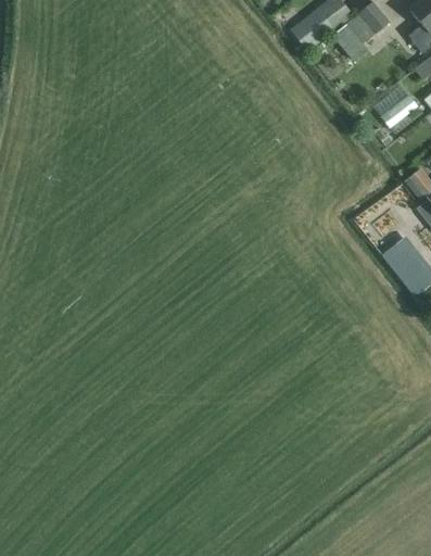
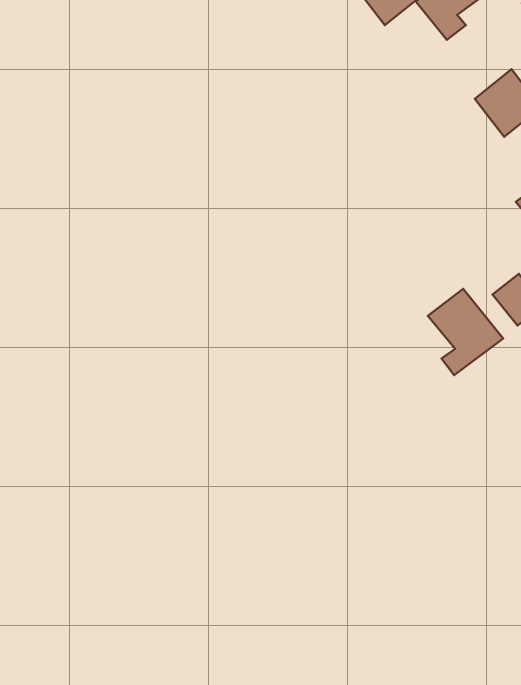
building: none -> [428,289,503,375]

